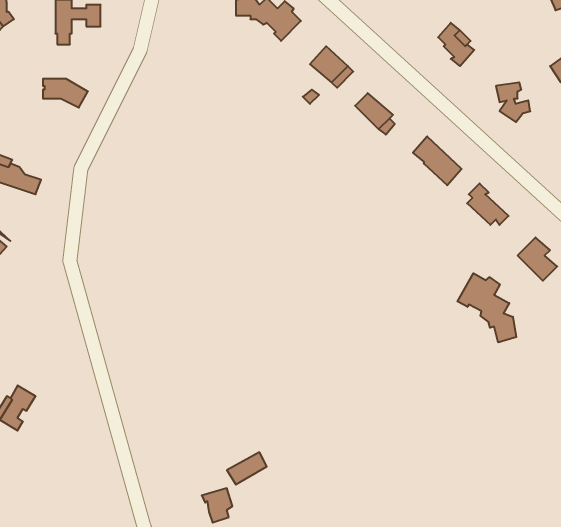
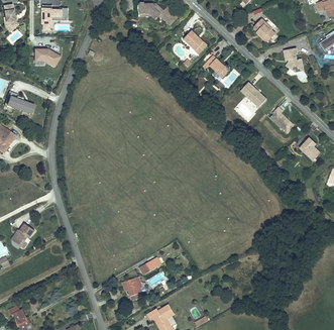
building: [457,273,516,342] -> none

